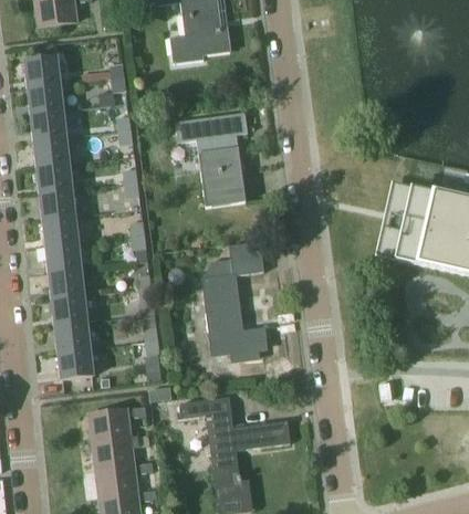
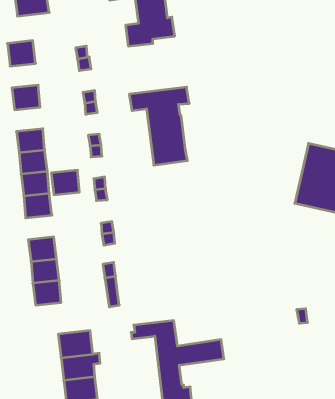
building: [30,84,64,114] -> none
building: [35,137,70,167] -> none
building: [201,241,272,360] -> none
building: [49,269,83,298] -> [51,170,79,195]

